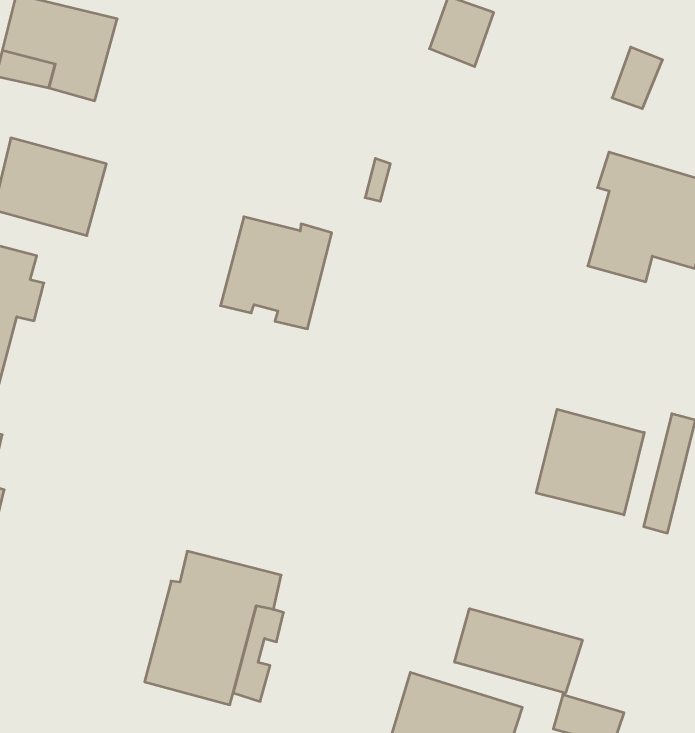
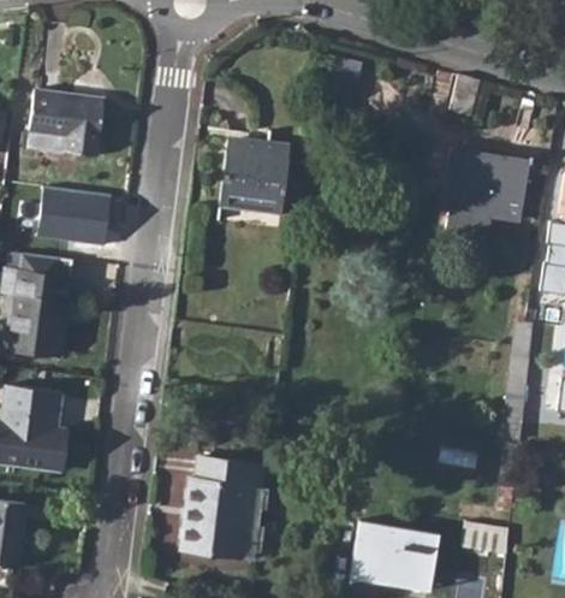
building: [220,217,332,329] -> [219,140,289,211]
building: [536,409,644,515] -> none
building: [455,609,582,693] -> none

